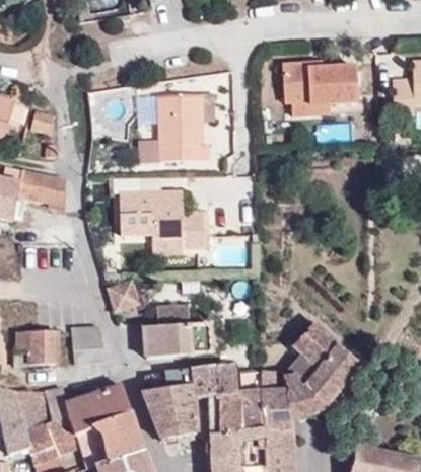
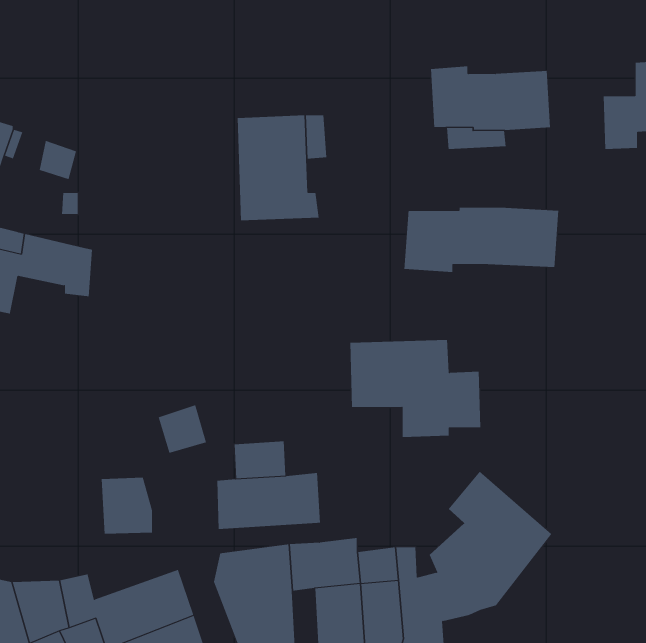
building: none -> [404,207,559,273]
building: [119,190,203,253] -> [350,339,481,437]
building: [13,330,57,364] -> none

